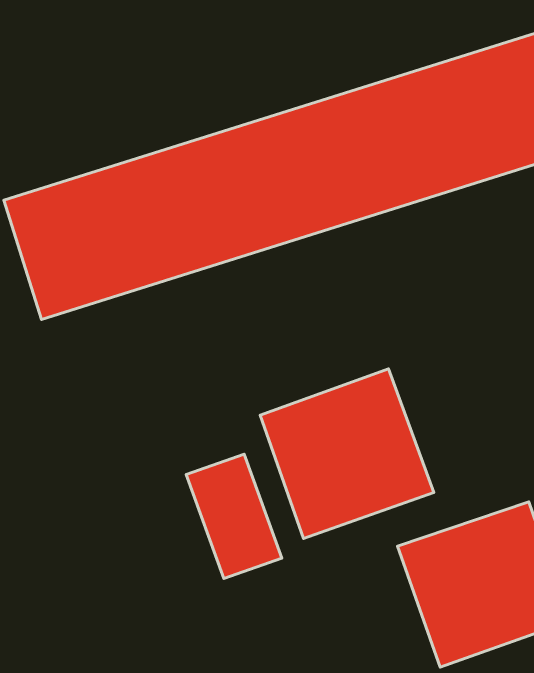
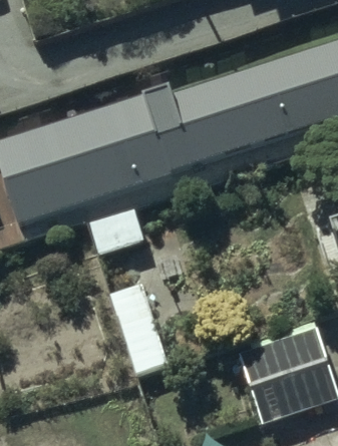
building: [260,369,434,539] -> none

